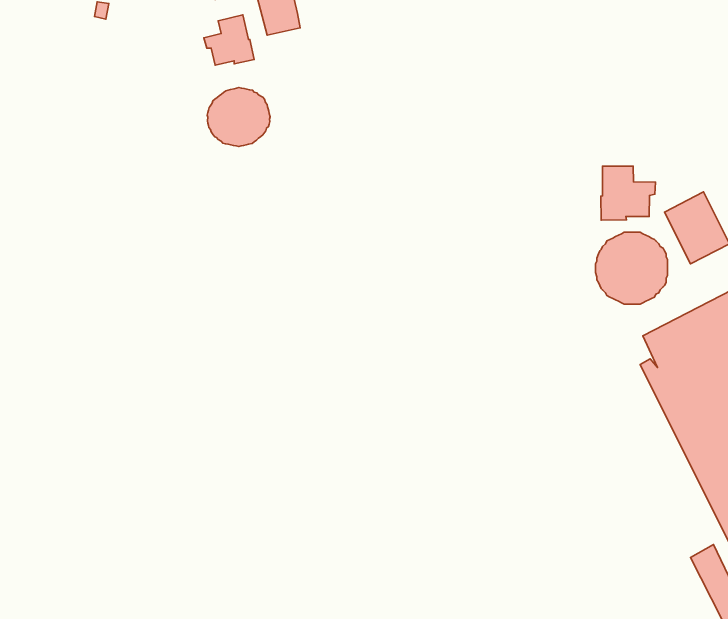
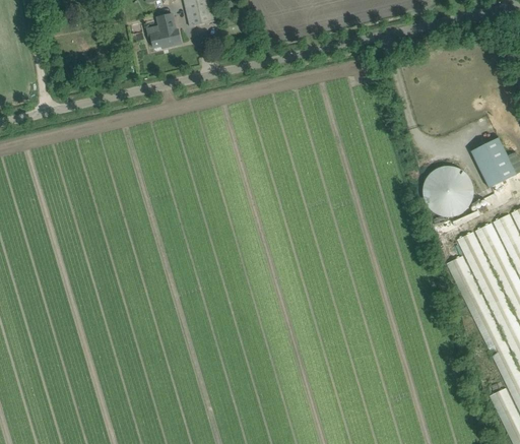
building: [207,88,270,146] -> none
building: [601,166,655,220] -> none

